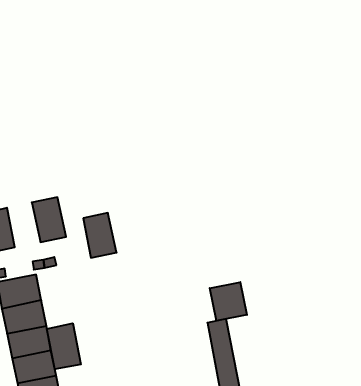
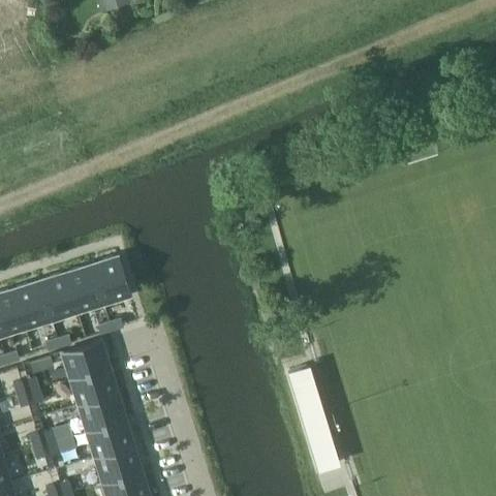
building: [83,213,117,258] -> [64,264,103,313]
building: [210,282,247,321] -> none
building: [47,323,81,369] -> none

